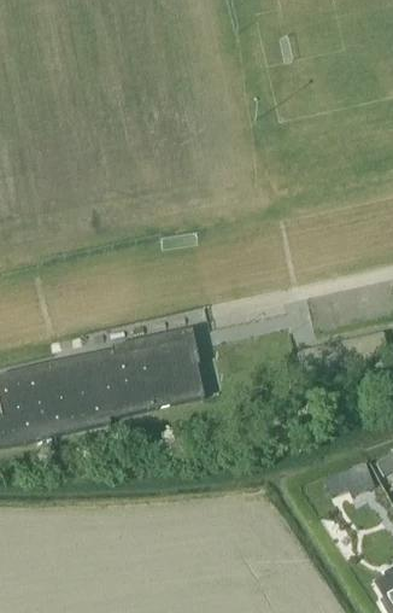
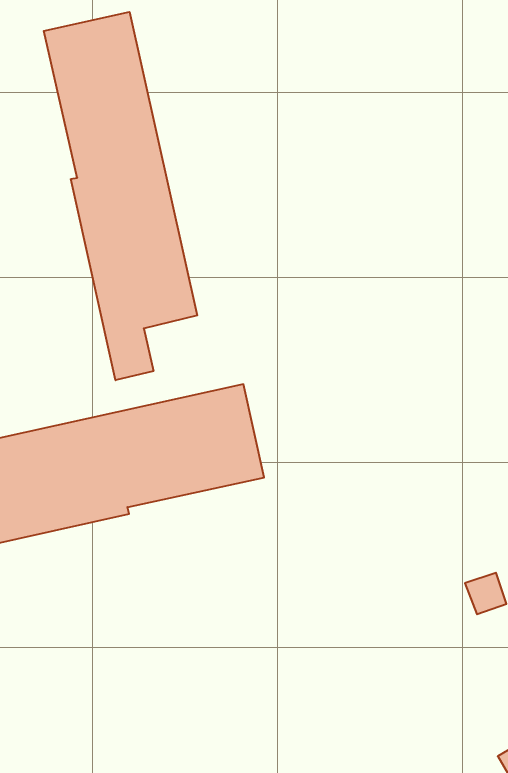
building: none -> [44,12,197,380]

